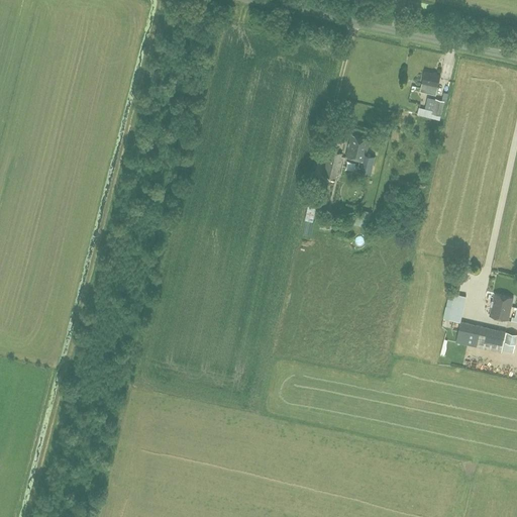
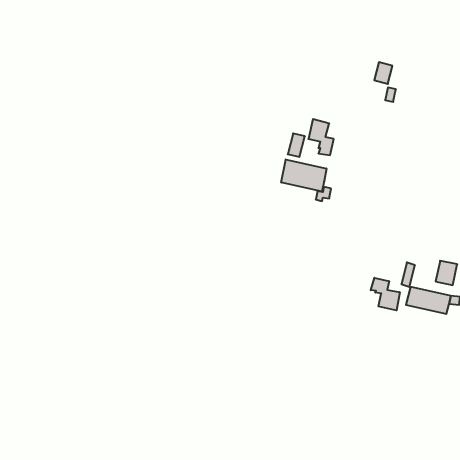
building: none -> [281,159,326,192]
building: none -> [371,278,400,310]

